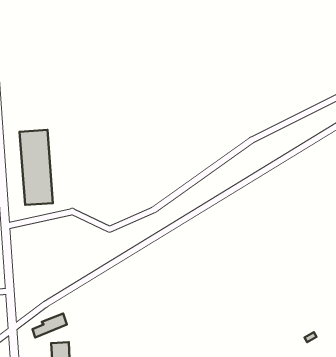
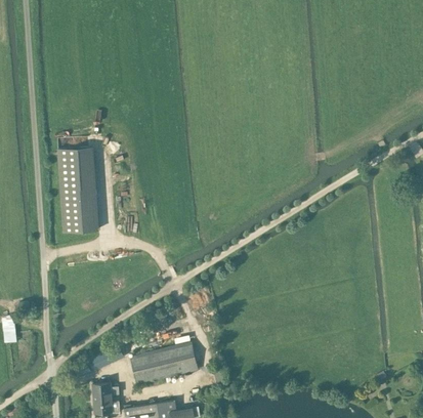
building: none -> [132,341,201,385]

